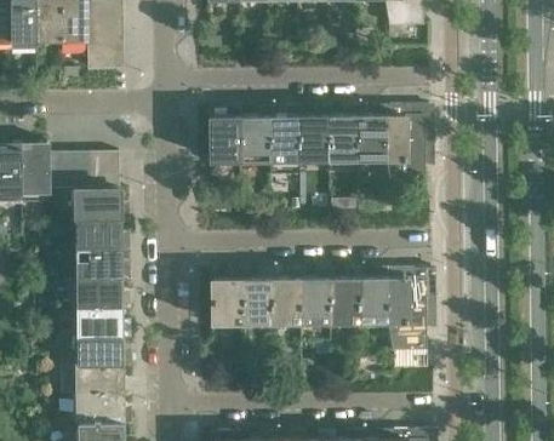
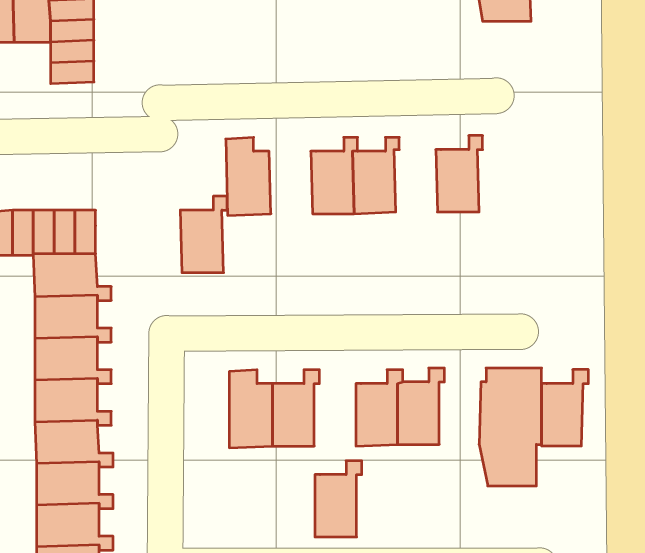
building: [325,108,358,161] -> none
building: [383,108,427,190] -> none
building: [238,109,270,162] -> [180,196,227,273]
building: [356,270,389,323] -> [542,370,588,446]
building: [269,271,302,325] -> [315,461,362,537]

